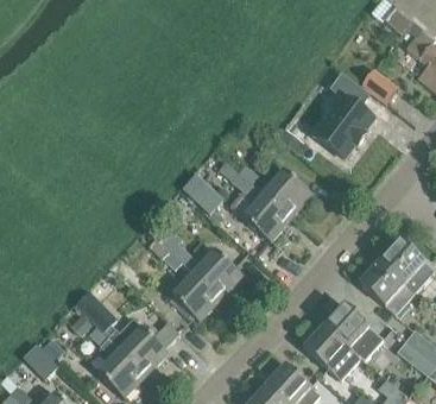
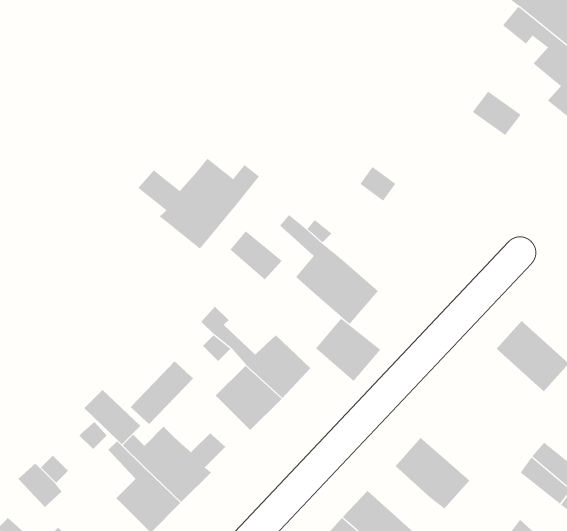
building: [314,74,374,157] -> none
building: none -> [137,158,260,249]
building: [264,170,312,217] -> [315,318,381,382]
building: [359,260,415,314] -> none
building: none -> [130,360,194,425]
building: [323,303,384,361] -> none

